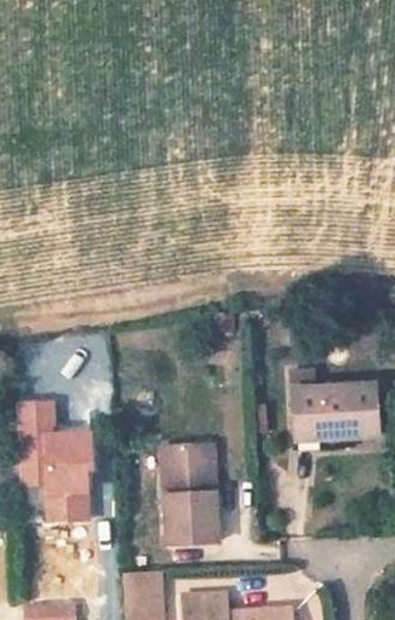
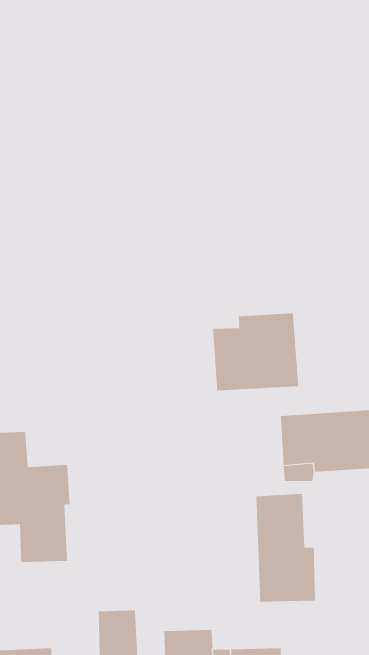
building: none -> [212,312,299,391]
building: [165,438,221,539] -> [255,494,316,602]

